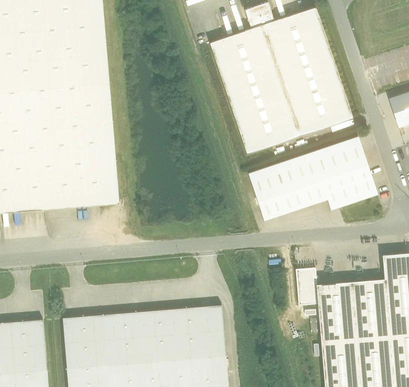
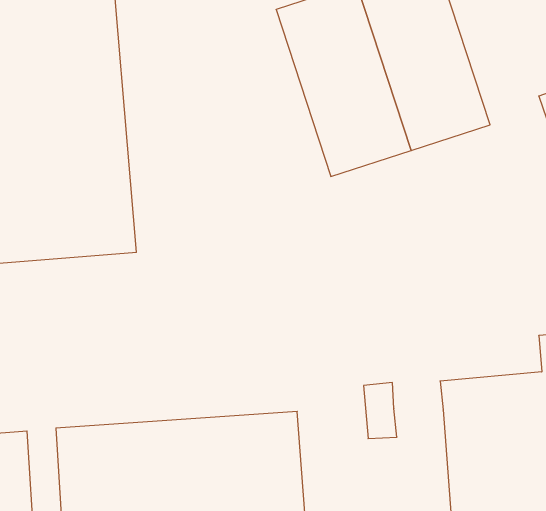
building: [247,136,378,222] -> none
building: [298,270,320,307] -> [364,383,397,439]

